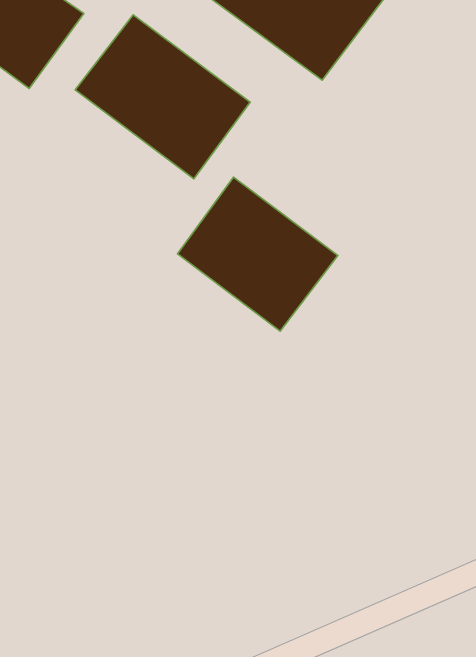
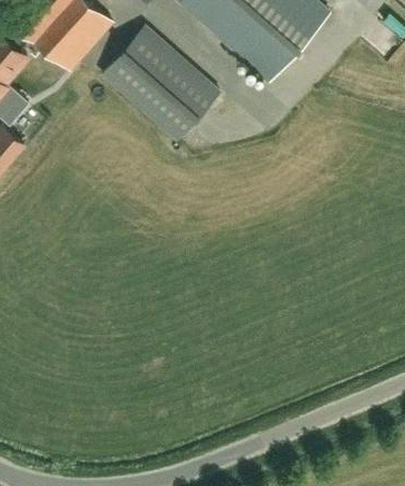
building: [177,177,338,331] -> none

